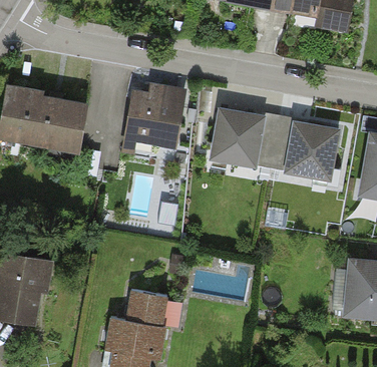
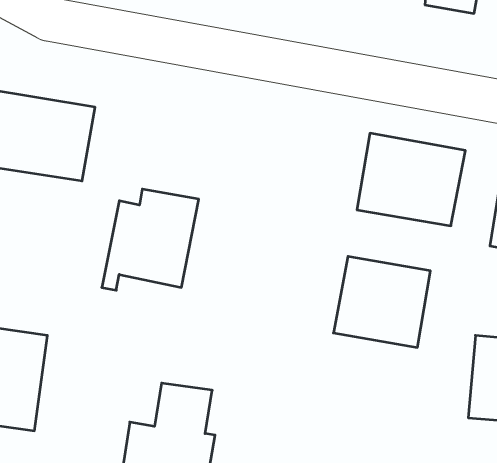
building: [120,82,187,152] -> [102,189,199,290]
building: [208,107,275,170] -> [333,256,430,347]

